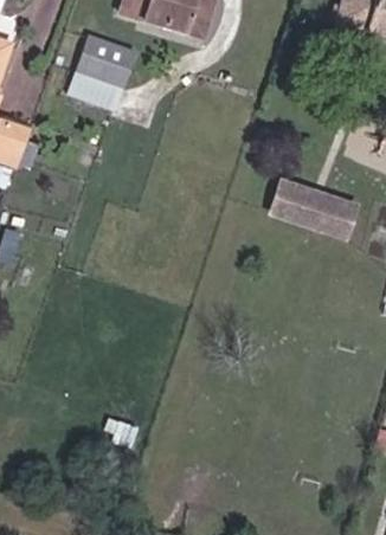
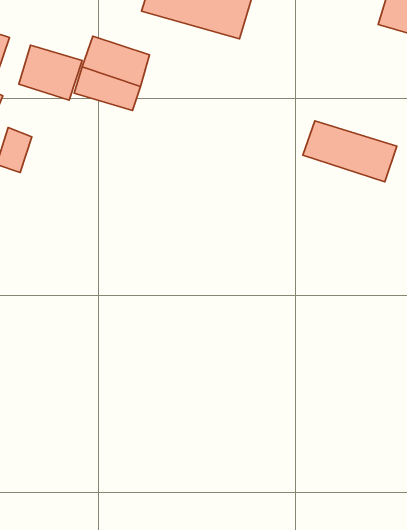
building: none -> [19,45,82,100]
building: [264,192,348,246] -> [303,121,397,182]

